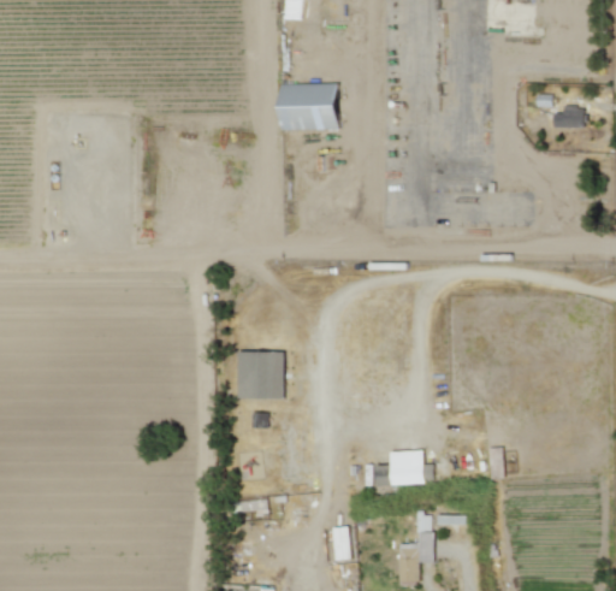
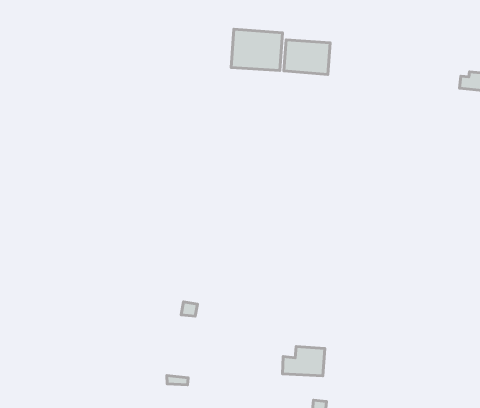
building: none -> [284,40,330,75]
building: [237,351,284,398] -> none

